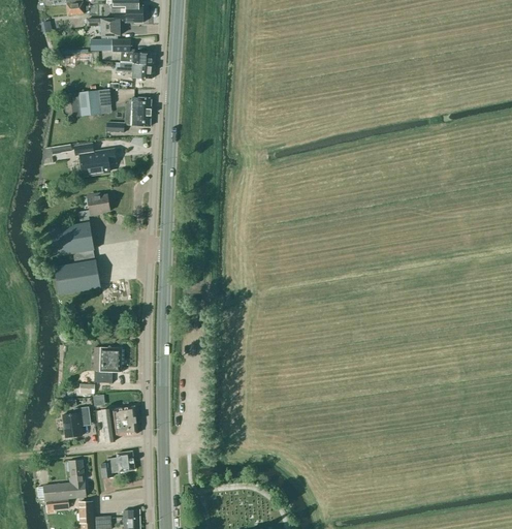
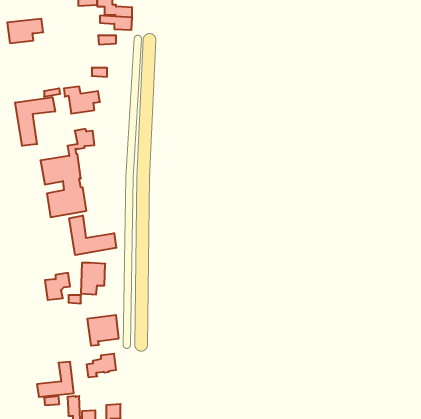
building: [70,90,111,118] -> [7,19,43,43]
building: [128,98,151,127] -> none
building: none -> [15,97,55,146]
building: none -> [69,215,116,255]
building: [62,407,91,438] -> [45,273,70,300]

